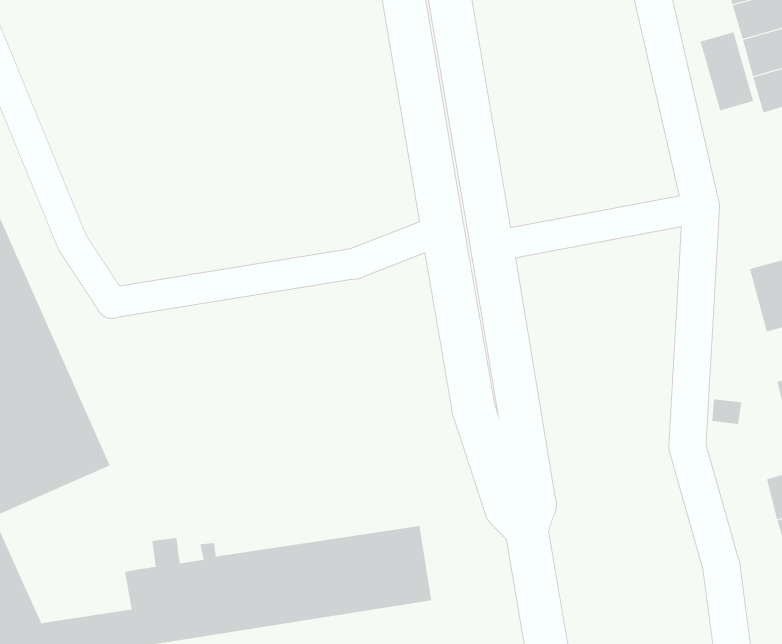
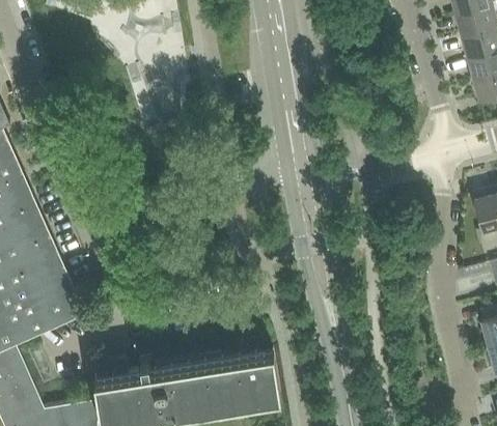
building: [700,31,754,111] -> none

